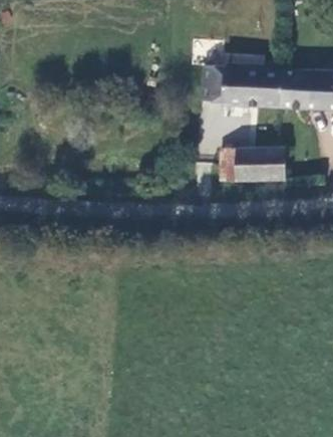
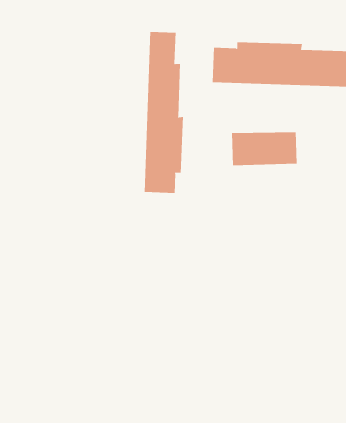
building: none -> [144,31,183,194]

